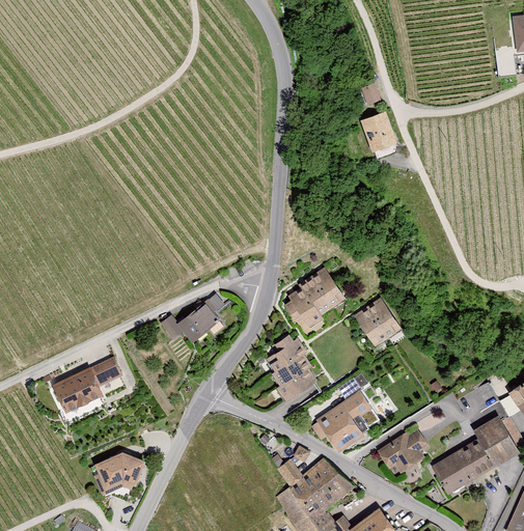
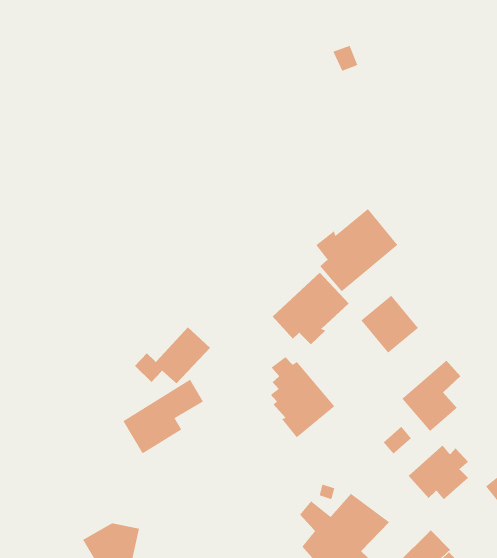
building: [359,112,397,152] -> none
building: none -> [316,208,398,292]
building: [49,357,119,414] -> [122,379,204,454]
building: [315,392,368,450] -> [401,360,461,432]

